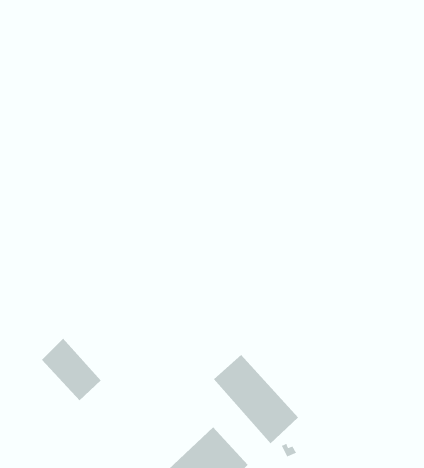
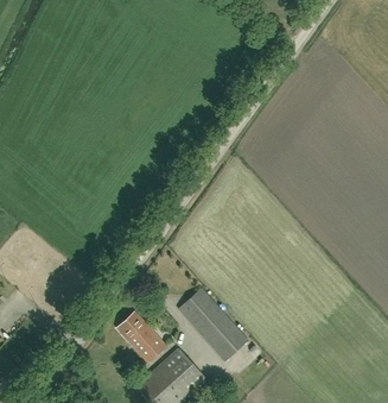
building: [41,338,101,401] -> [116,310,165,361]

